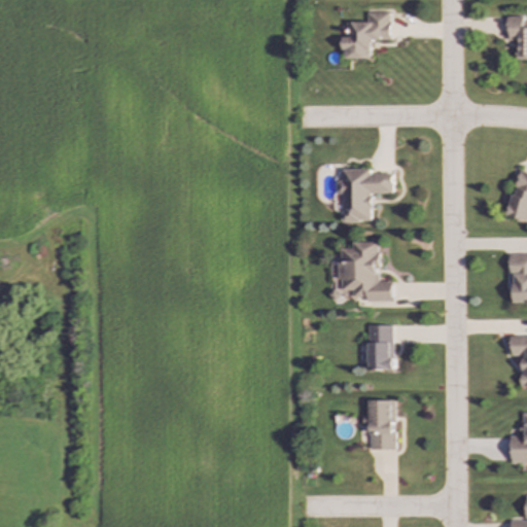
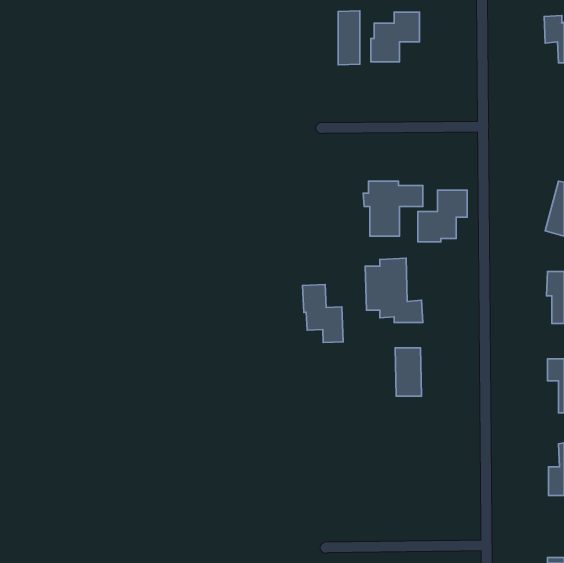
building: none -> [338,11,360,65]
building: none -> [418,190,467,242]
building: none -> [303,284,343,343]
building: [363,399,395,449] -> none

